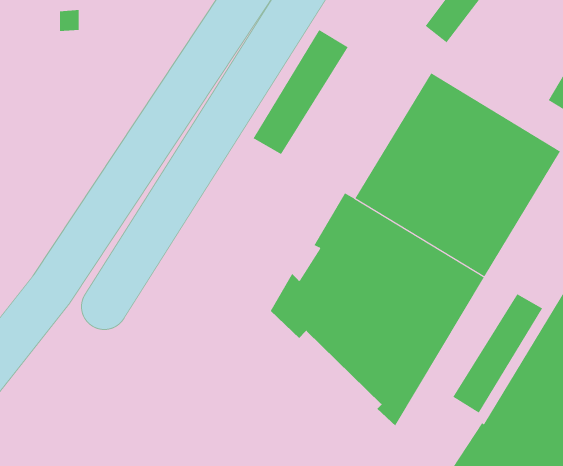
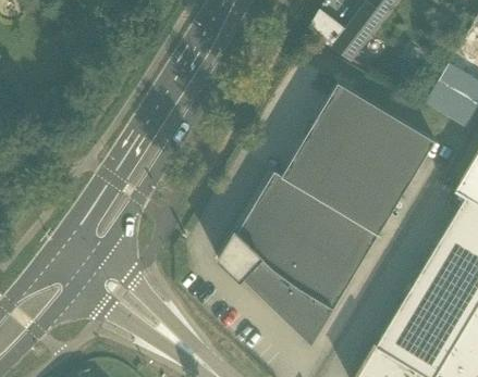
building: [253,29,348,155] -> none
building: [453,293,543,413] -> none

